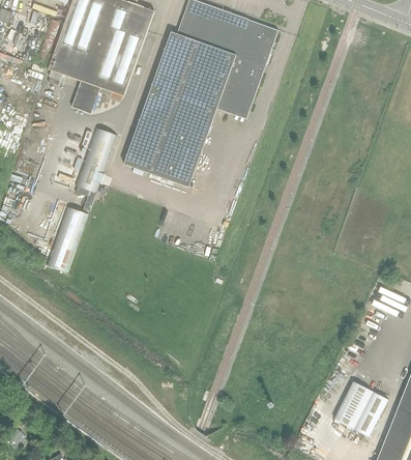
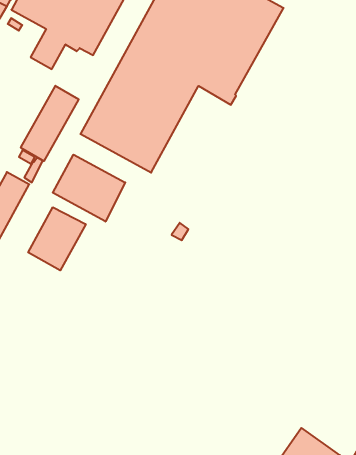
building: none -> [53,155,125,222]
building: none -> [28,207,86,270]

